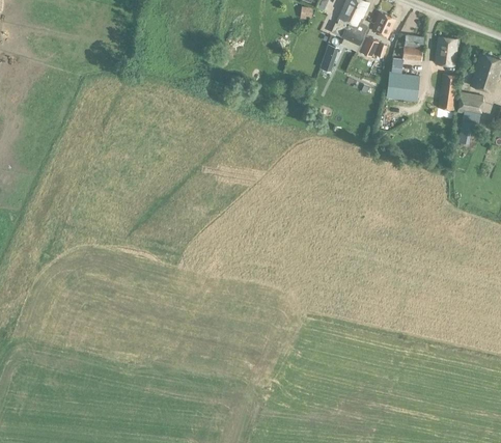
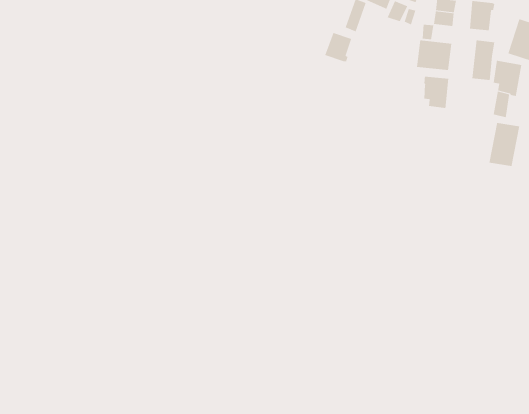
building: none -> [324,32,352,62]
building: none -> [424,76,449,109]
building: none -> [489,122,520,167]

